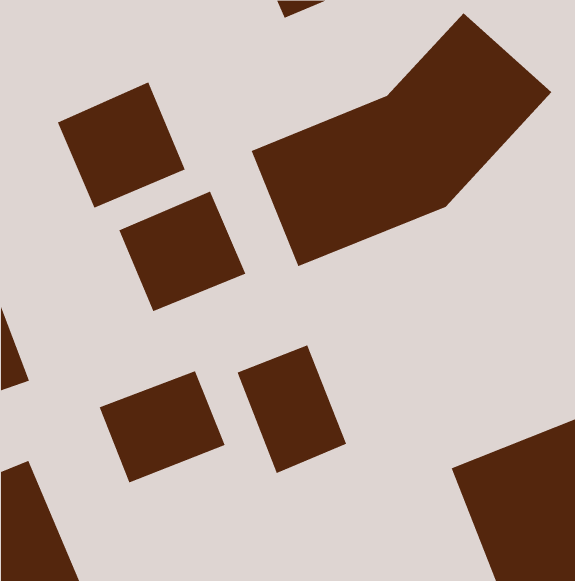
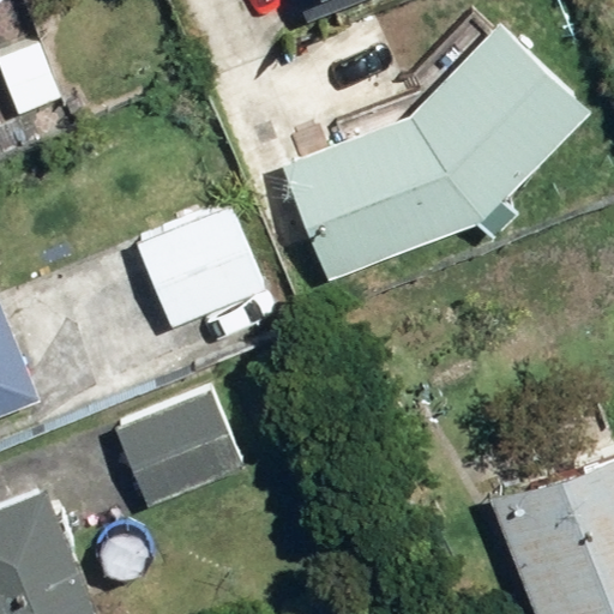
building: [57,82,185,209] -> none
building: [237,344,347,474] -> none

